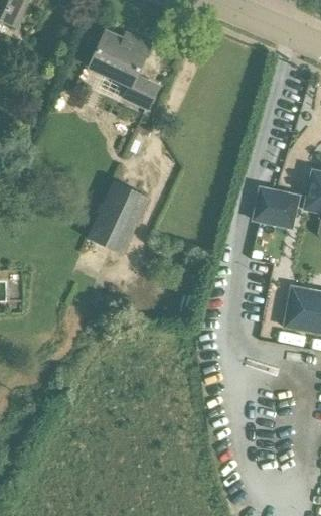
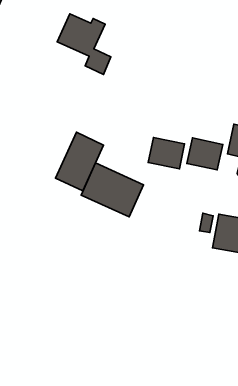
building: none -> [148,138,185,169]
building: none -> [81,163,143,217]

